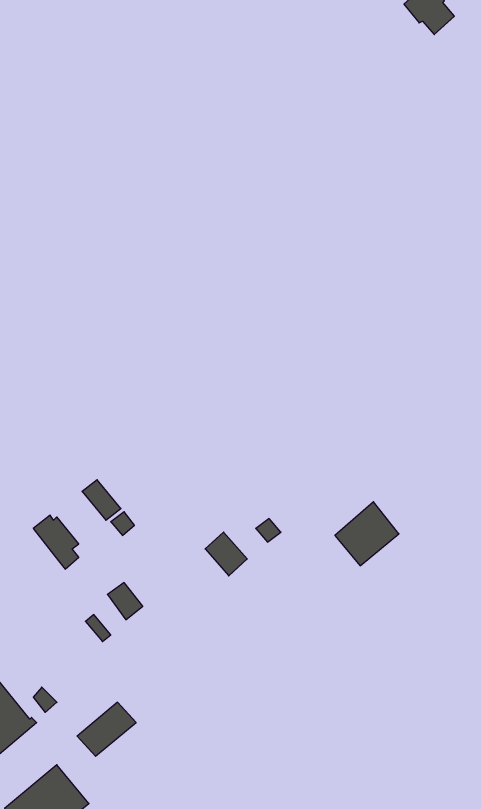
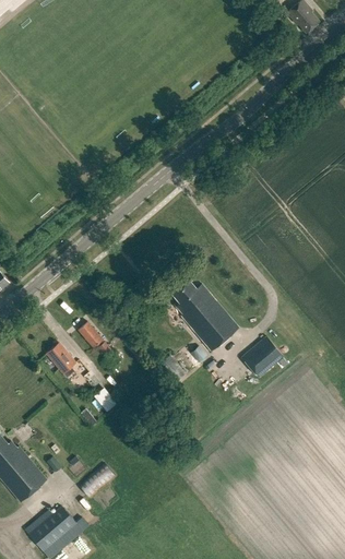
building: none -> [170,277,239,350]

